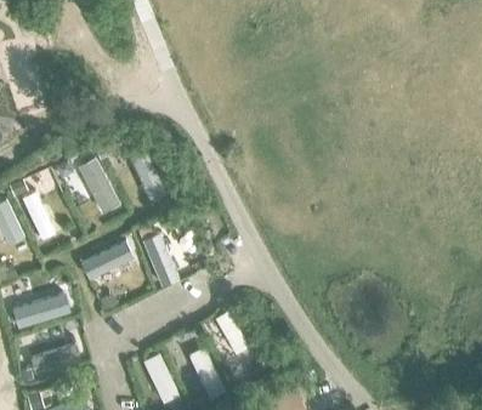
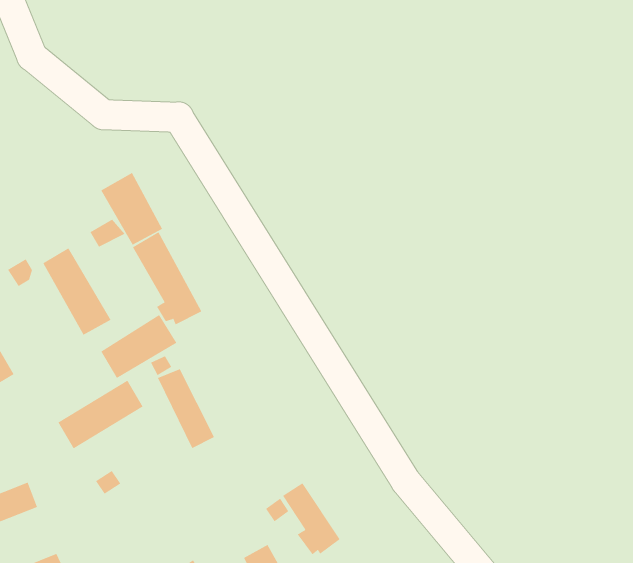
building: none -> [100,172,163,246]
building: none -> [100,314,177,379]

